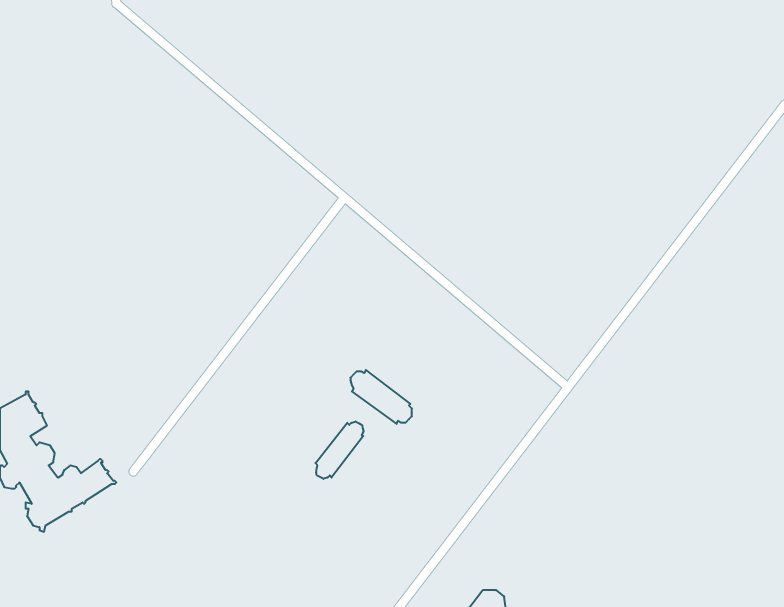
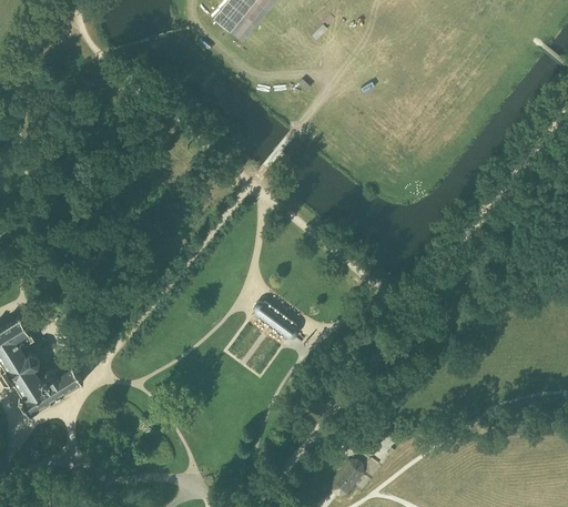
building: [315,421,364,479] -> none

